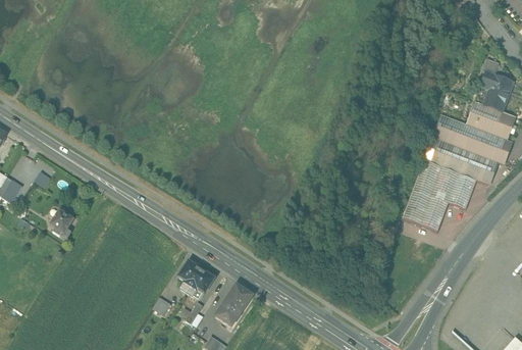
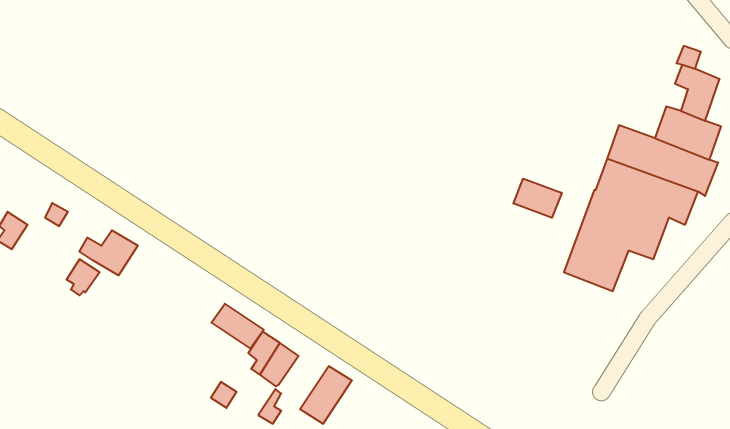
building: none -> [513,179,562,218]
building: none -> [79,230,138,275]
building: none -> [211,304,264,348]

